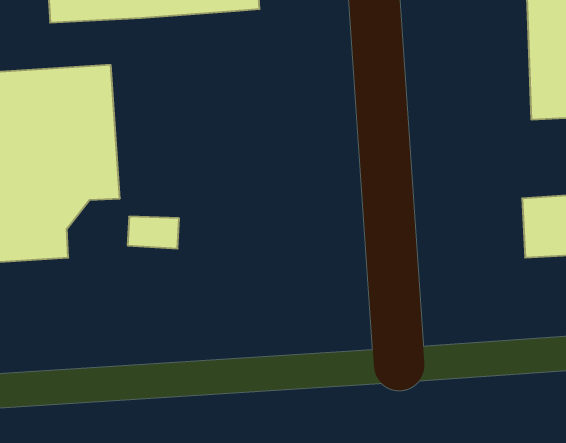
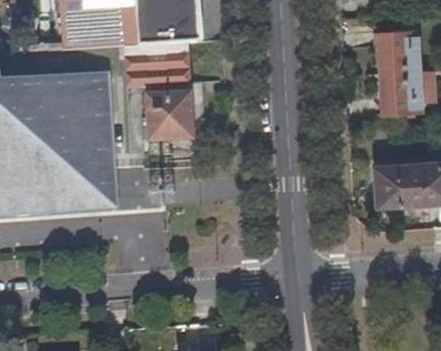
building: none -> [123,42,194,152]
building: none -> [74,167,110,206]

